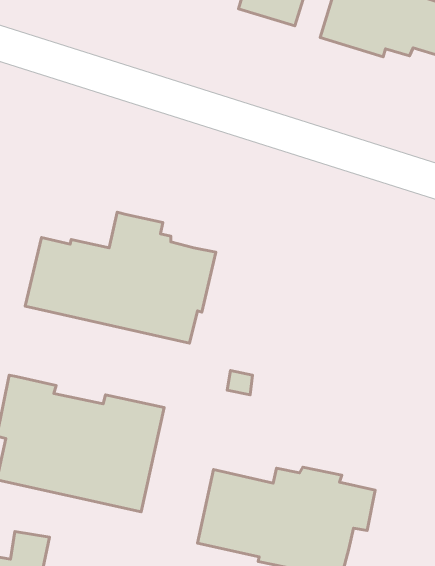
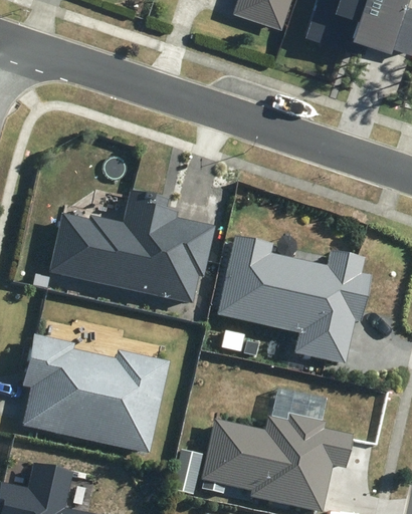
building: none -> [217,236,370,364]

